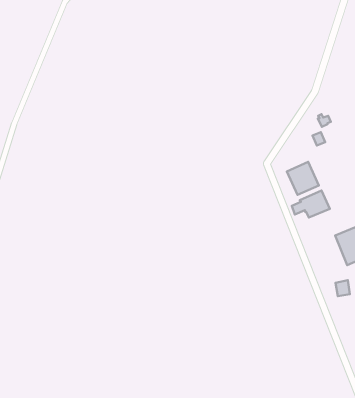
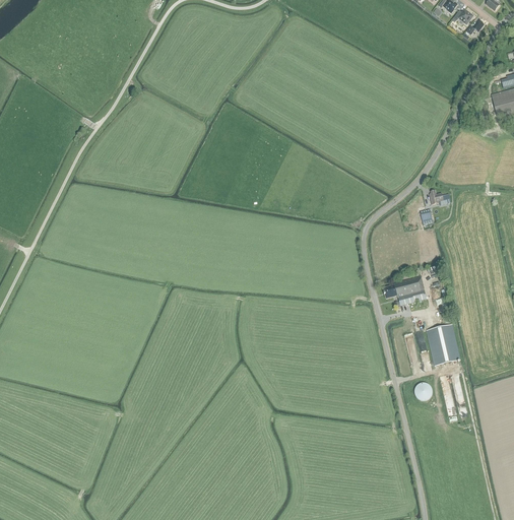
building: [287,162,319,195] -> none

